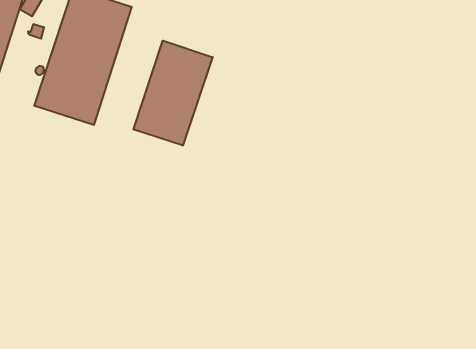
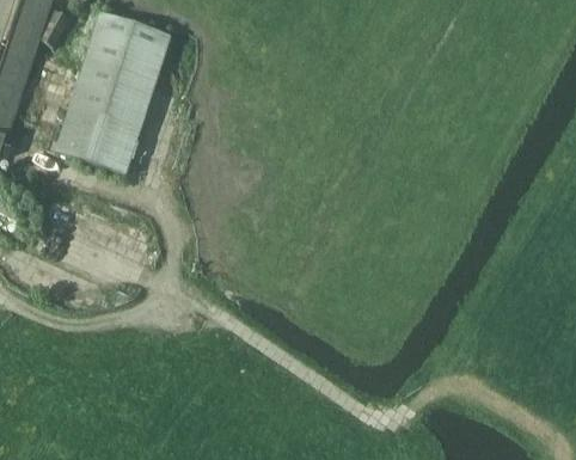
building: [134,41,213,146] -> none

